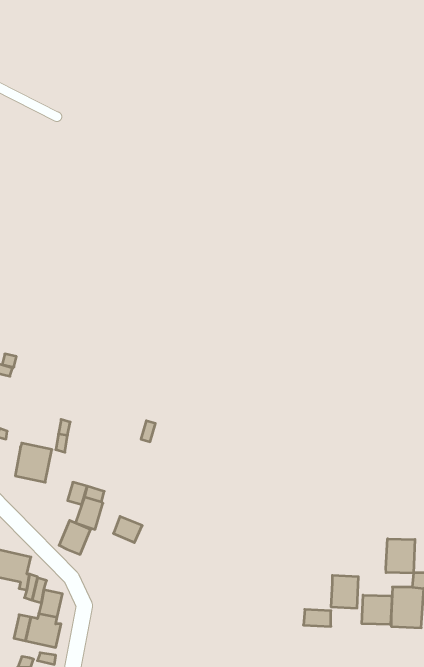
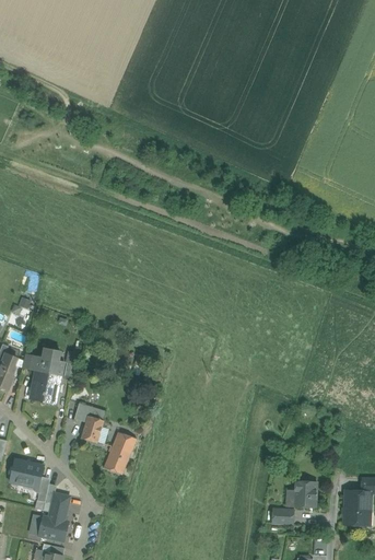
building: none -> [28,348,63,376]
building: [59,520,91,554] -> [103,446,129,475]
building: [386,539,415,573] -> none
building: [362,595,392,625] -> none

